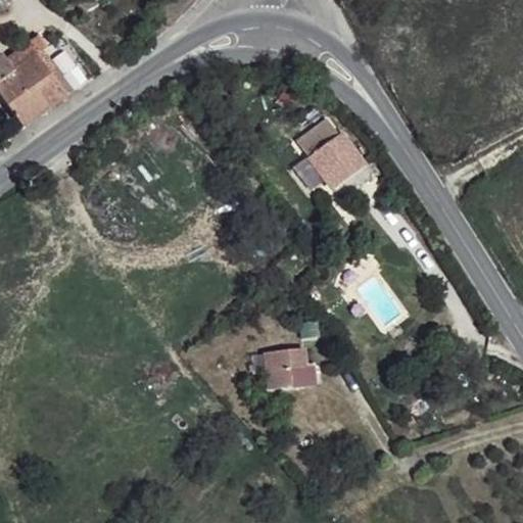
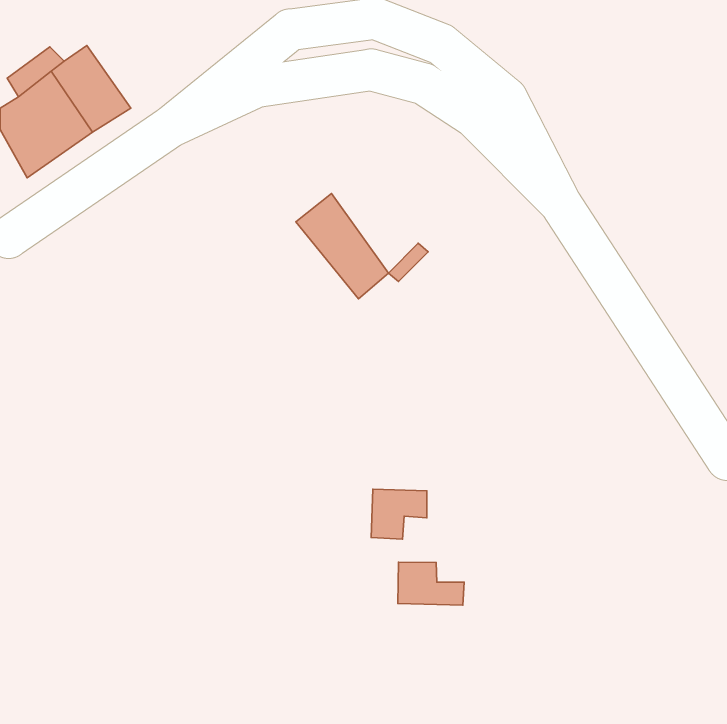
building: [288,111,354,187] -> [296,193,388,299]
building: none -> [398,562,464,605]

